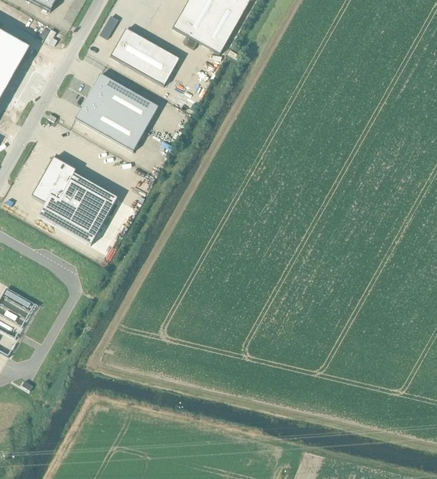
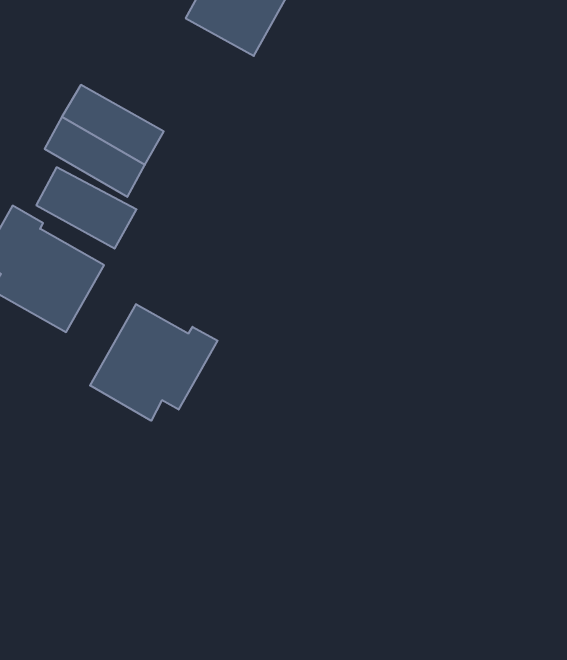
building: [110,27,179,83] -> [36,167,137,249]
building: none -> [90,304,218,421]

